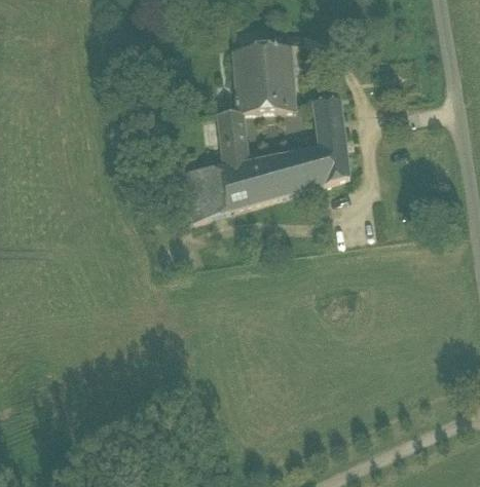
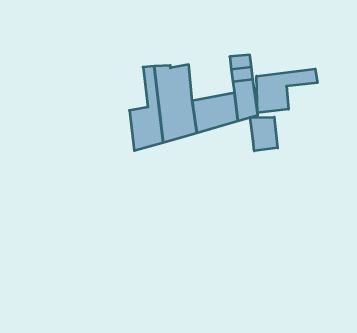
building: [233,43,295,114] -> none
building: none -> [257,69,317,113]
building: none -> [250,117,278,151]

